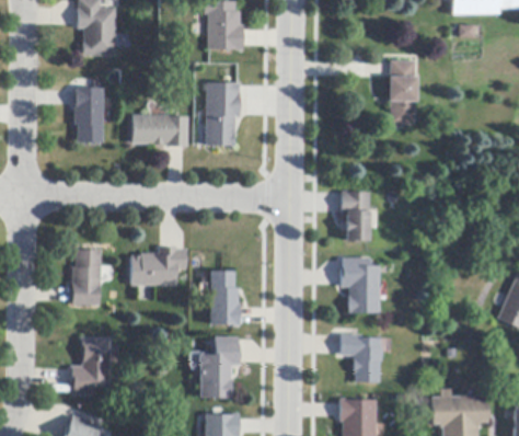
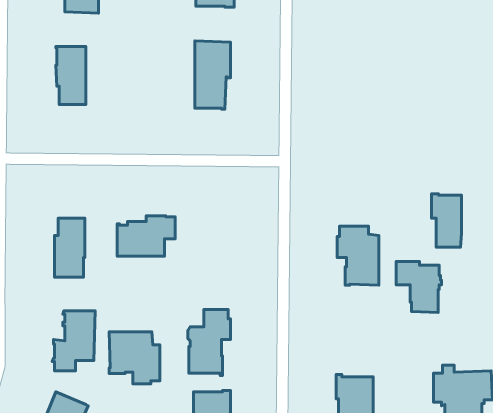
building: [389,60,417,127] -> none
building: [132,115,188,146] -> none
building: [342,191,370,241] -> [431,194,462,247]
building: [210,271,240,325] -> none
building: [339,334,382,382] -> [396,262,442,313]
building: none -> [109,332,160,384]

